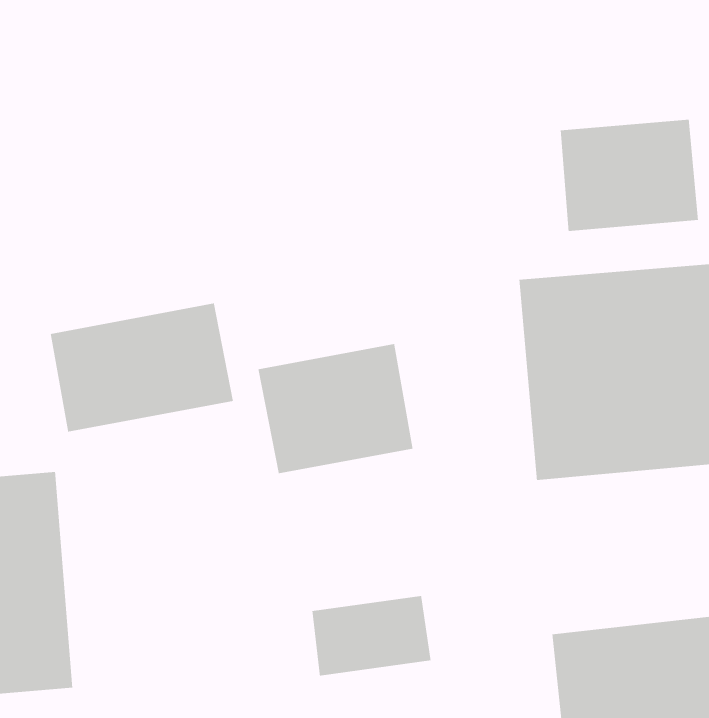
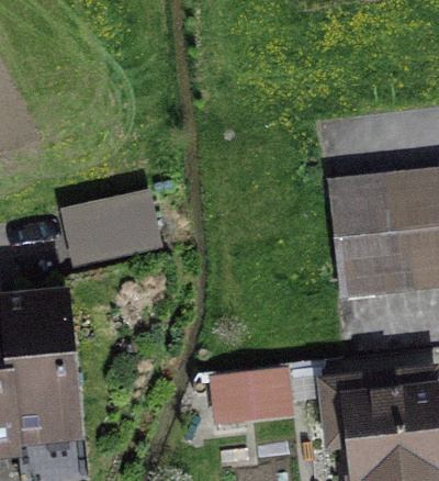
building: [560,119,699,232] -> none
building: [258,343,414,474] -> none

